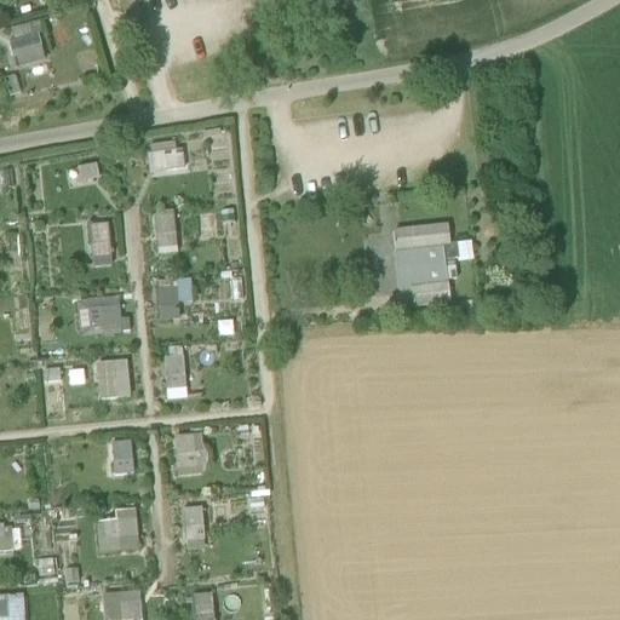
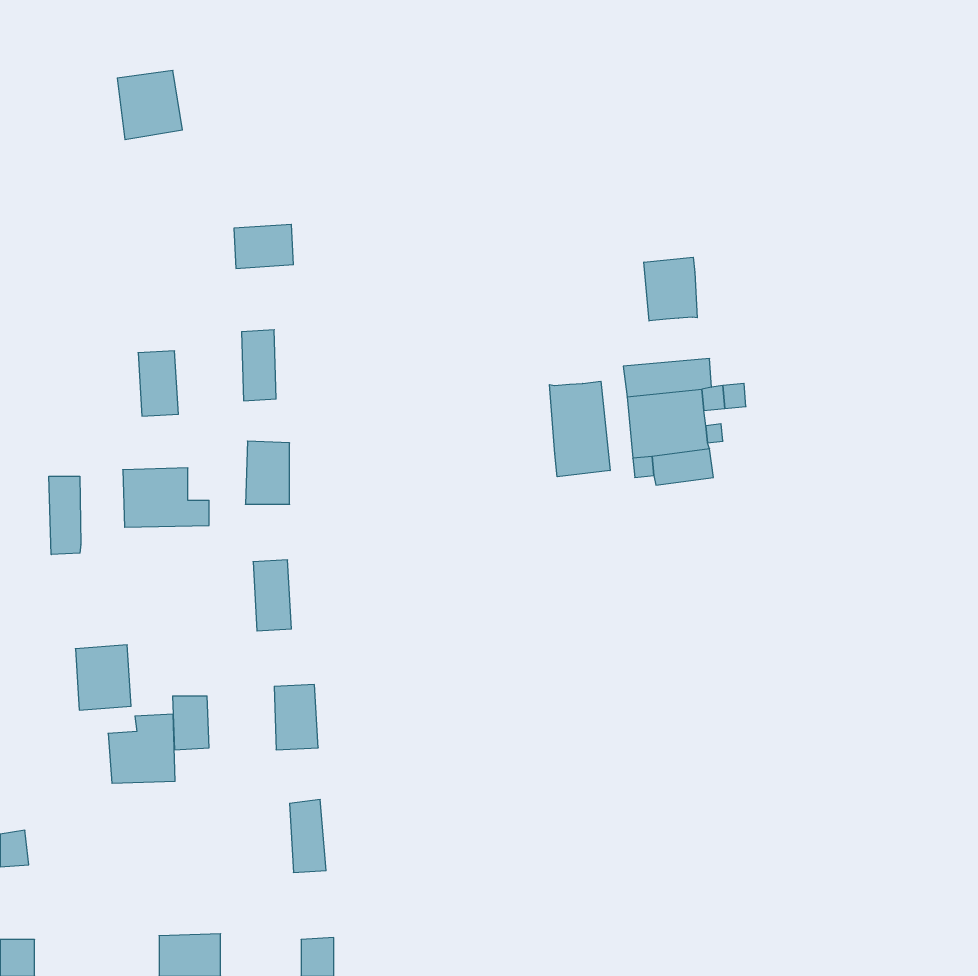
building: [8,21,50,64] -> [117,70,182,140]
building: none -> [644,257,697,321]
building: none -> [549,381,610,477]
building: none -> [49,476,81,555]
building: [96,357,131,398] -> [75,645,131,710]
building: [96,507,138,551] -> [108,714,175,783]

